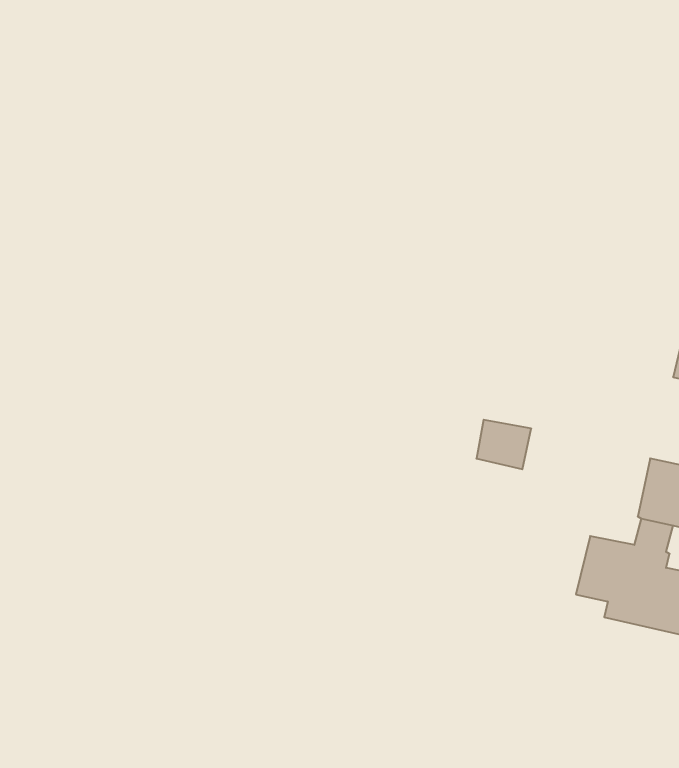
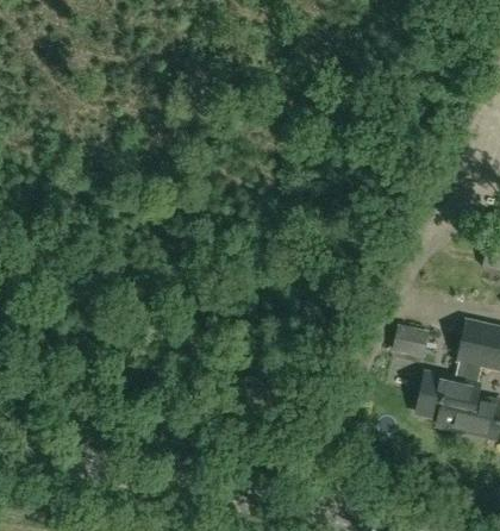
building: [476,420,531,469] -> [394,325,431,358]

